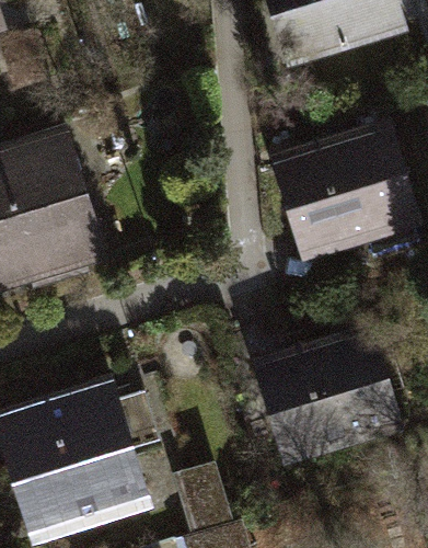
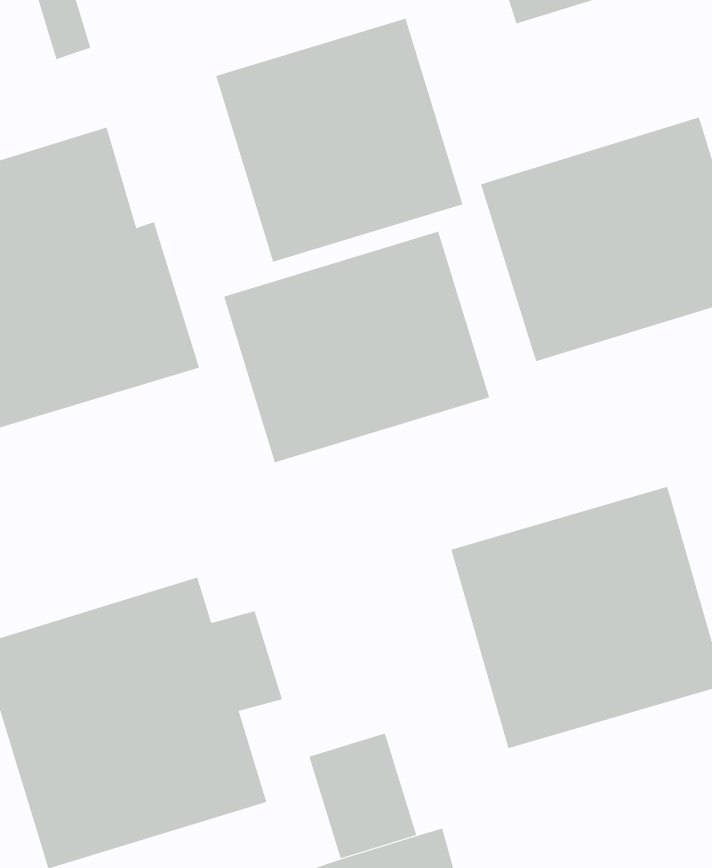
building: none -> [215,18,463,263]
building: none -> [223,231,490,463]

